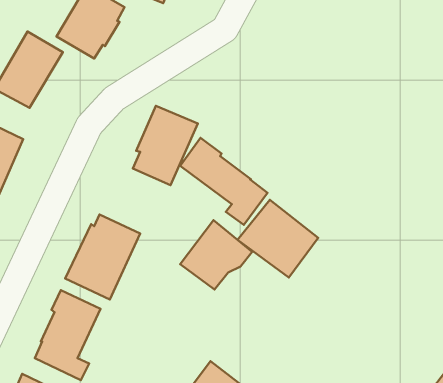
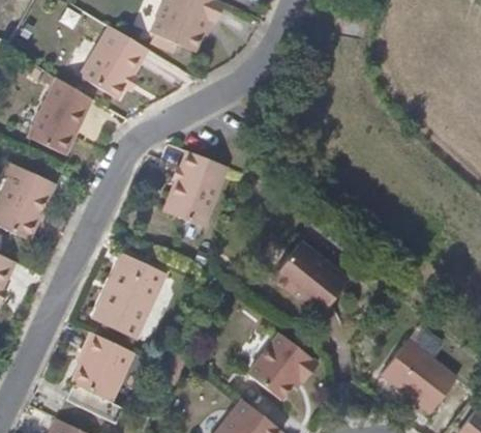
building: [180,138,267,225] -> none
building: [180,220,252,289] -> [241,335,312,403]
building: none -> [379,338,455,413]

